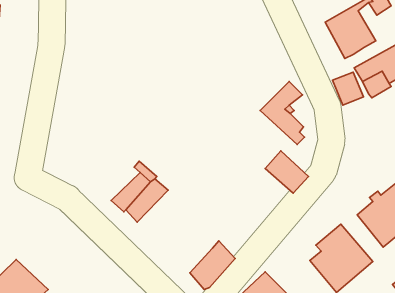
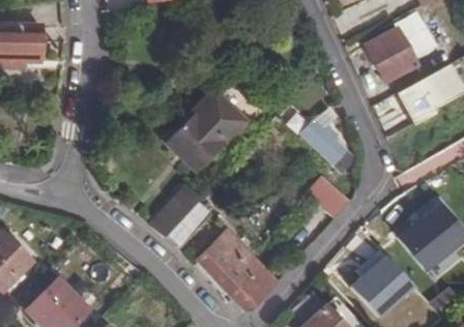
building: none -> [166,66,267,172]
building: none -> [198,232,261,297]

